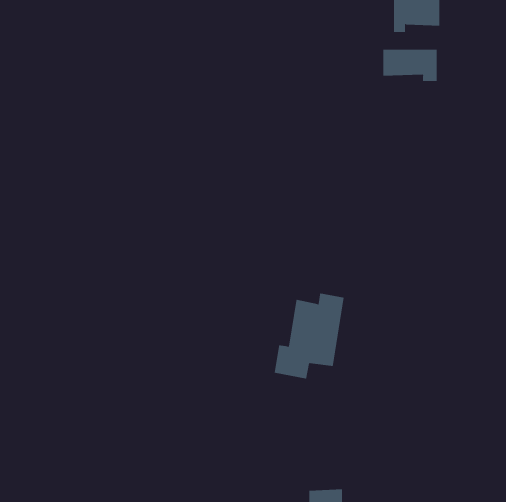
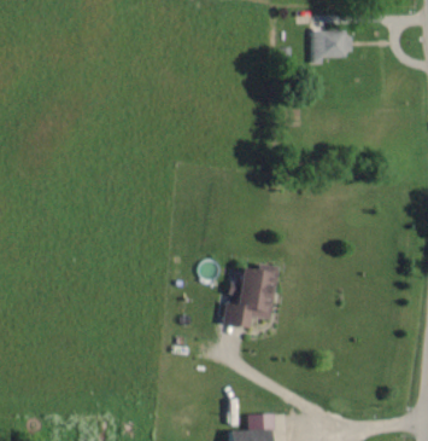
building: [383,49,437,82] -> none

